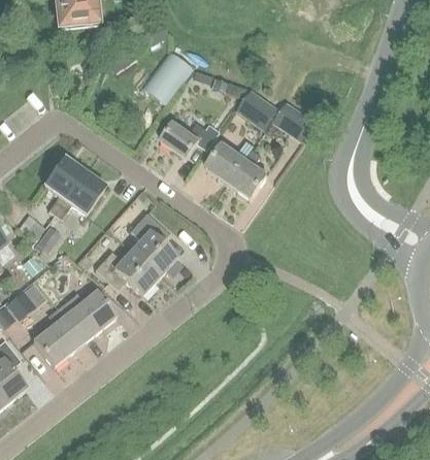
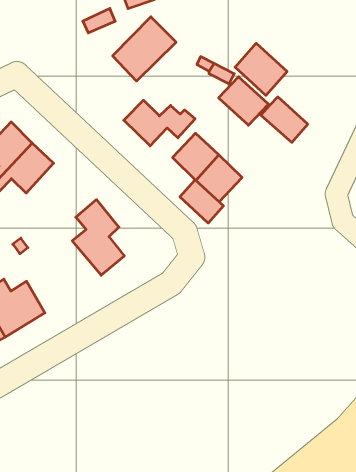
building: none -> [235,43,287,95]
building: none -> [180,180,223,223]
building: [95,251,159,295] -> none

